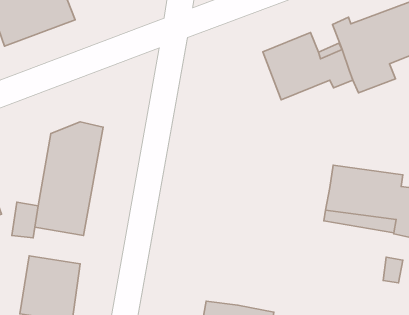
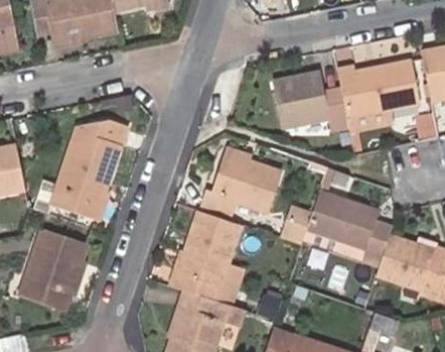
building: none -> [202,153,282,215]
building: none -> [279,204,313,240]
building: none -> [174,210,242,302]

